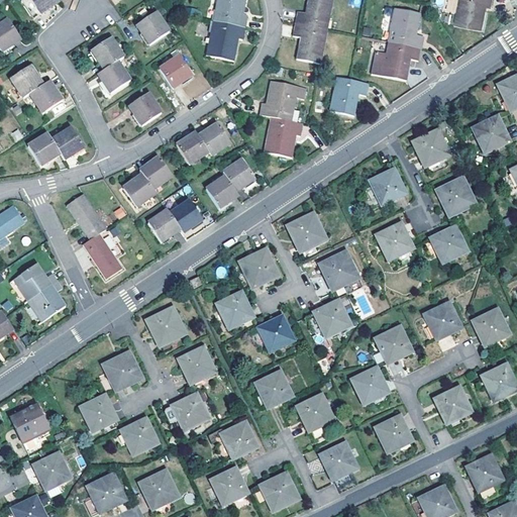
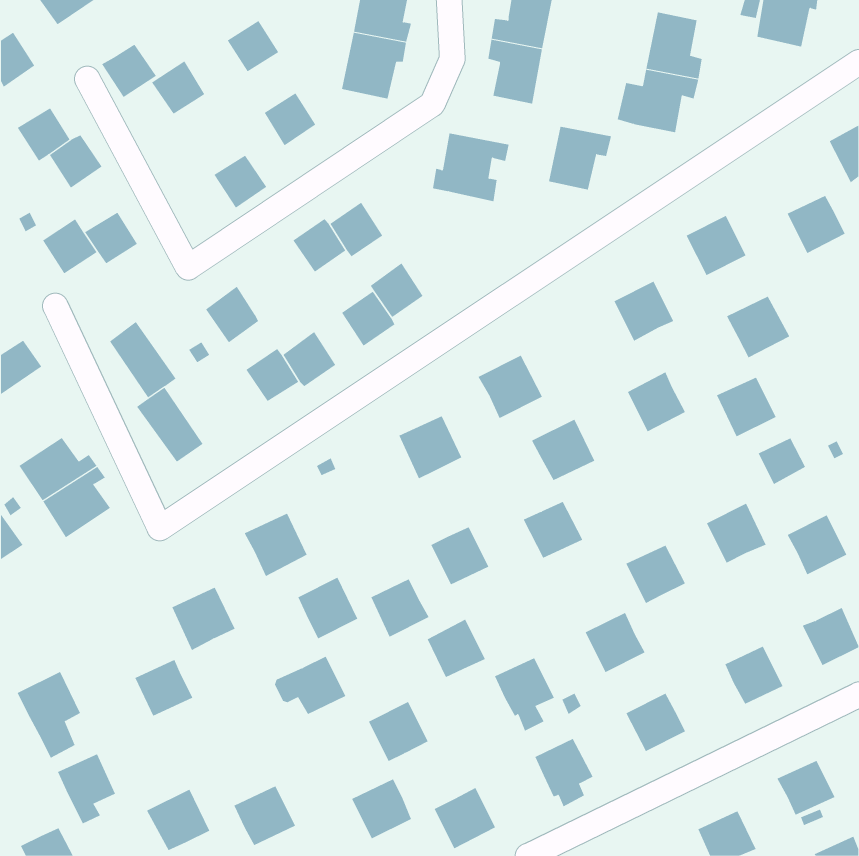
building: [97,61,130,93] -> [101,44,157,98]
building: [264,115,303,157] -> none
building: [140,154,173,189] -> none
building: none -> [758,438,806,485]
building: [217,293,252,328] -> [371,579,429,637]
building: [121,418,158,454] -> none

